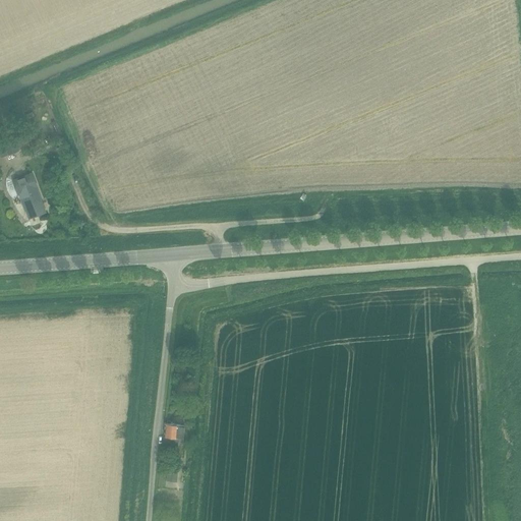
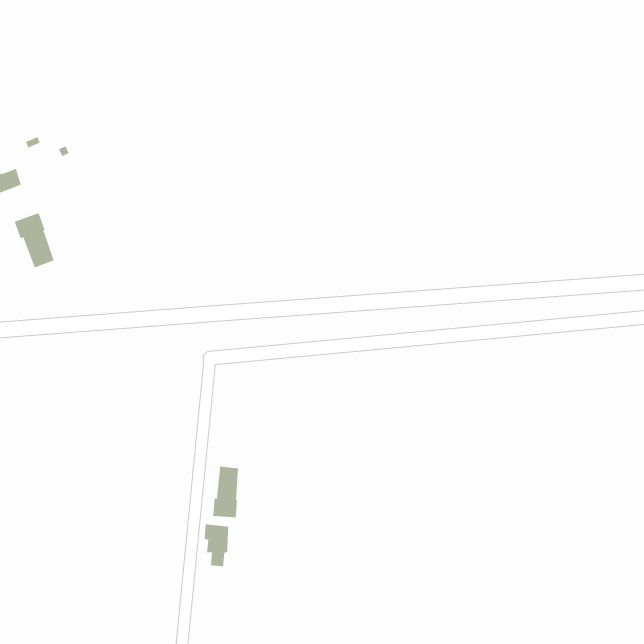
building: none -> [213,466,239,518]

